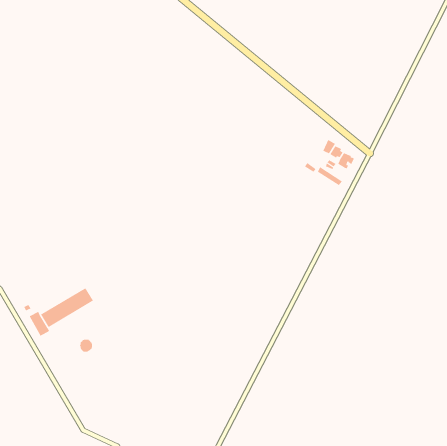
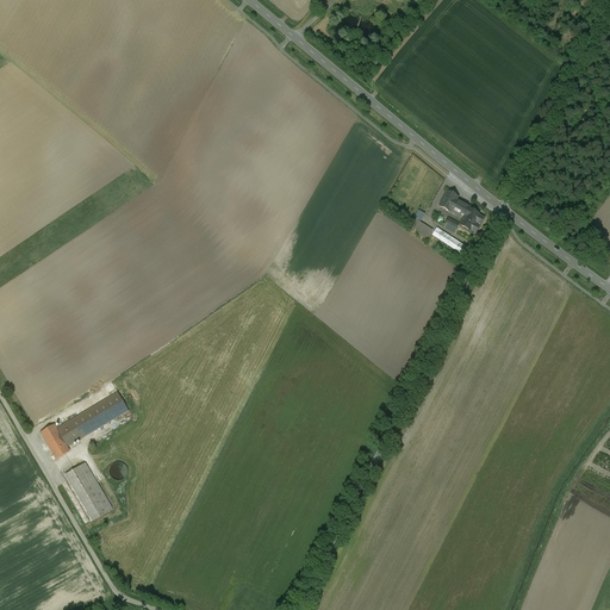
building: none -> [64,461,111,519]

